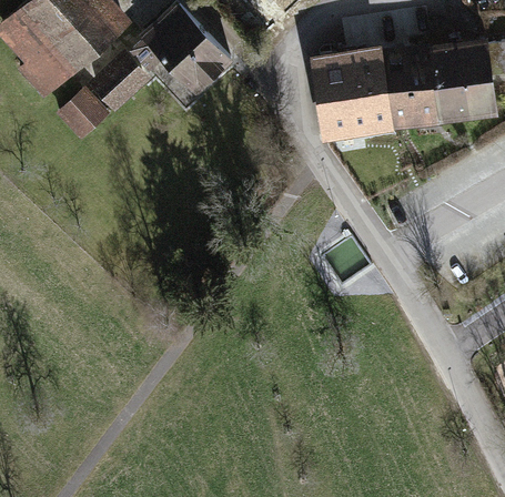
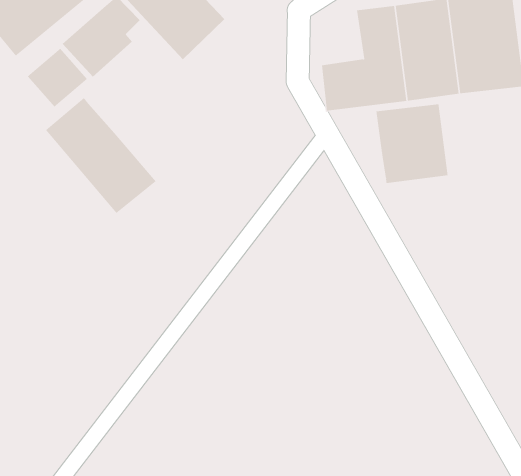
building: [312,52,356,101] -> none
building: none -> [45,97,156,214]
building: none -> [376,103,448,184]

